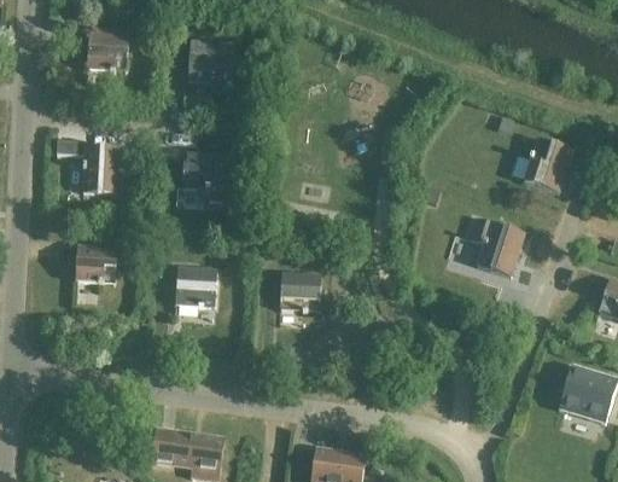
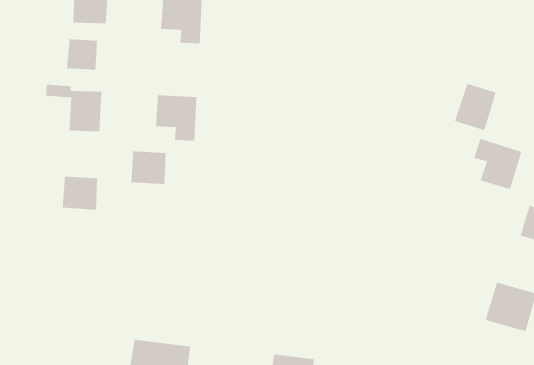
building: none -> [67,39,98,71]
building: [468,216,524,275] -> [474,138,522,190]
building: [175,267,216,306] -> [130,151,166,185]
building: [279,272,320,310] -> none

